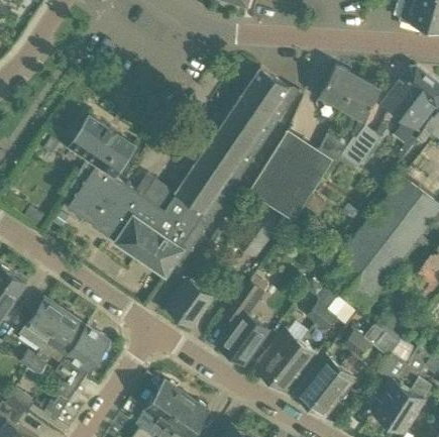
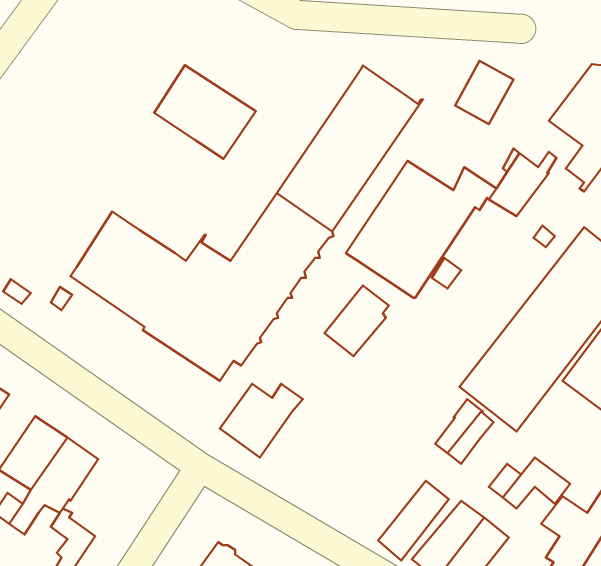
building: [342,78,379,119] -> none
building: [68,115,134,177] -> [154,65,256,159]
building: [218,283,268,364] -> none
building: [63,325,109,377] -> none
building: [253,328,301,380] -> none

